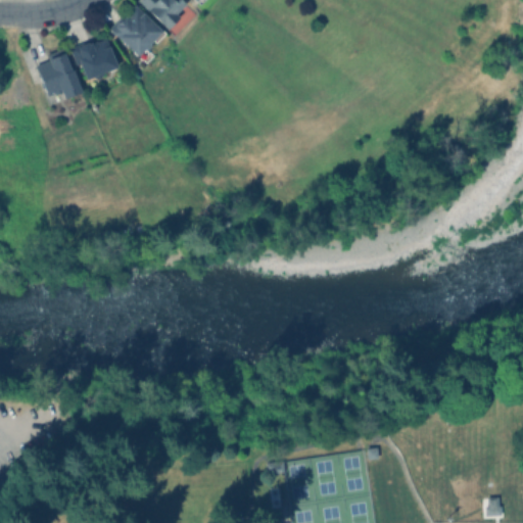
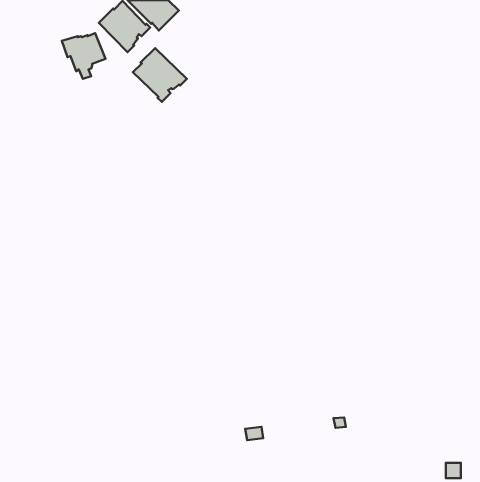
building: [38,50,83,99] -> none
building: none -> [133,48,187,102]

